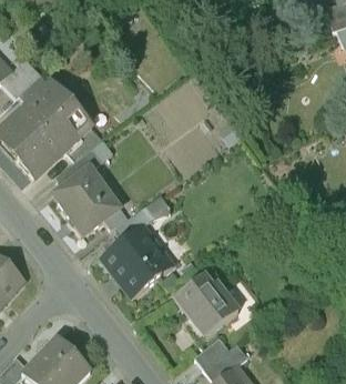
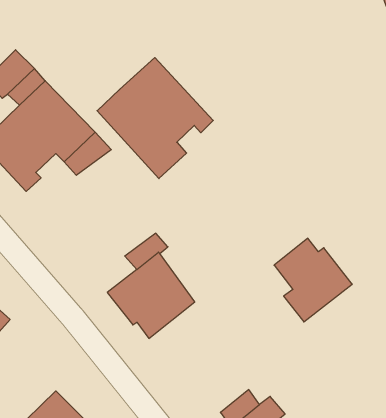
building: none -> [97,58,213,179]
building: [54,171,119,235] -> none
building: [174,276,238,345] -> [274,238,352,322]

